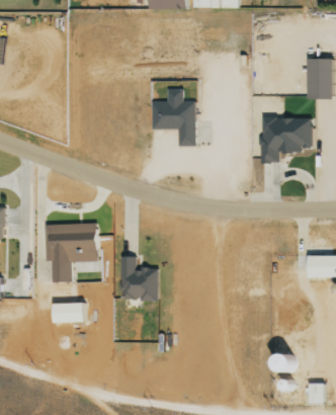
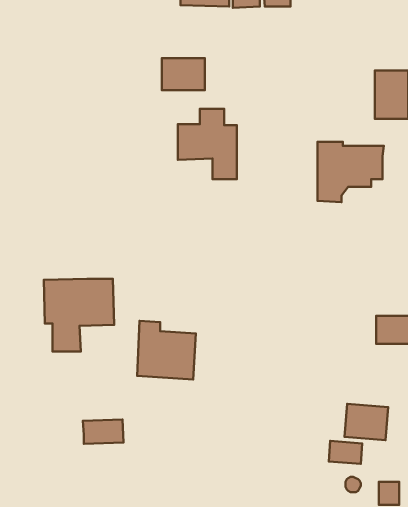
building: none -> [162,58,205,90]
building: [57,303,89,322] -> [83,420,124,444]
building: none -> [344,404,388,440]

